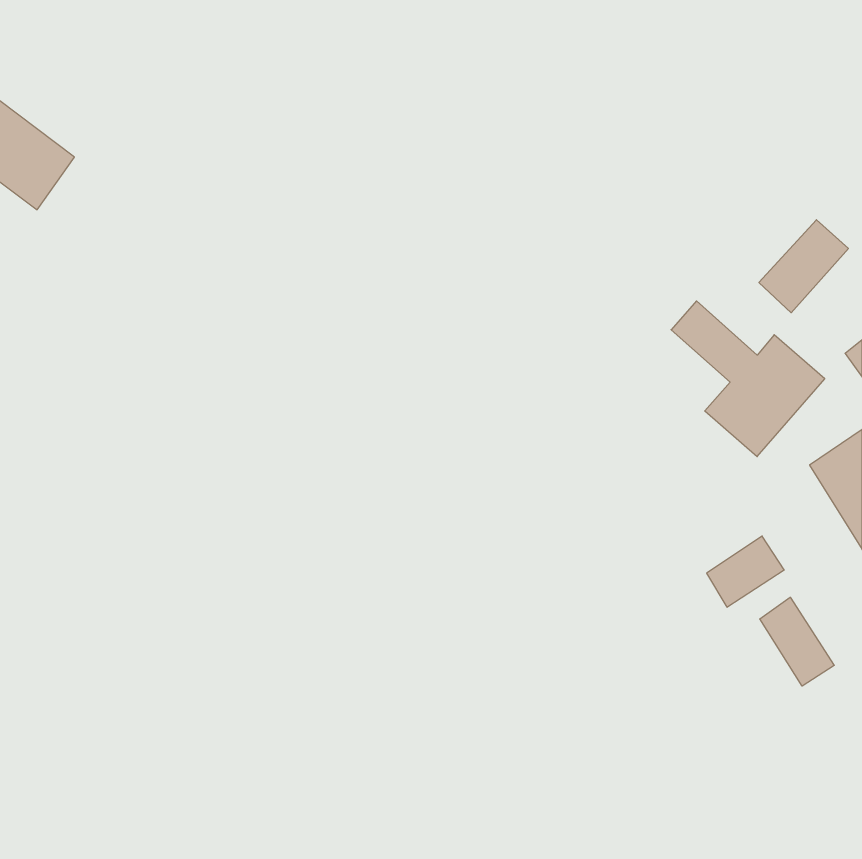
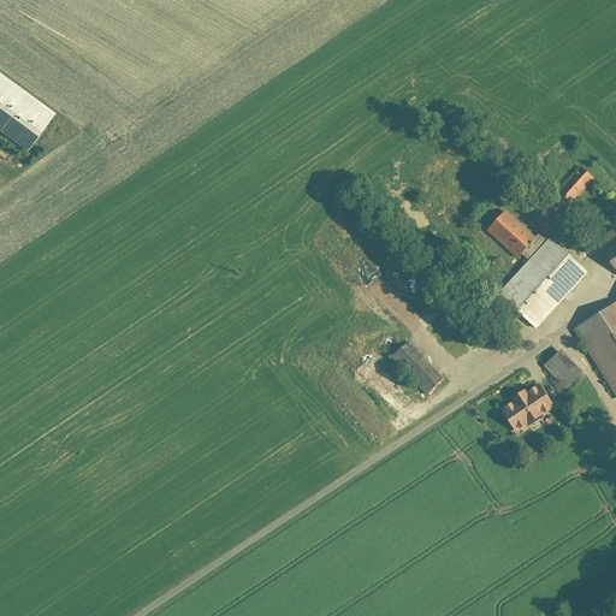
building: none -> [392,340,442,391]
building: none -> [544,350,582,390]
building: [760,597,834,686] -> none

